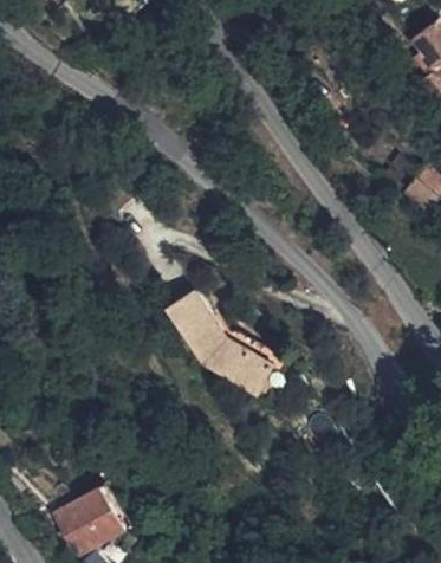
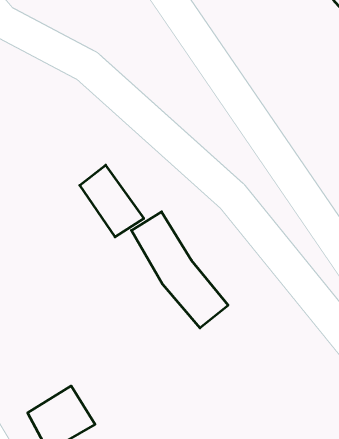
building: none -> [80,165,144,237]

